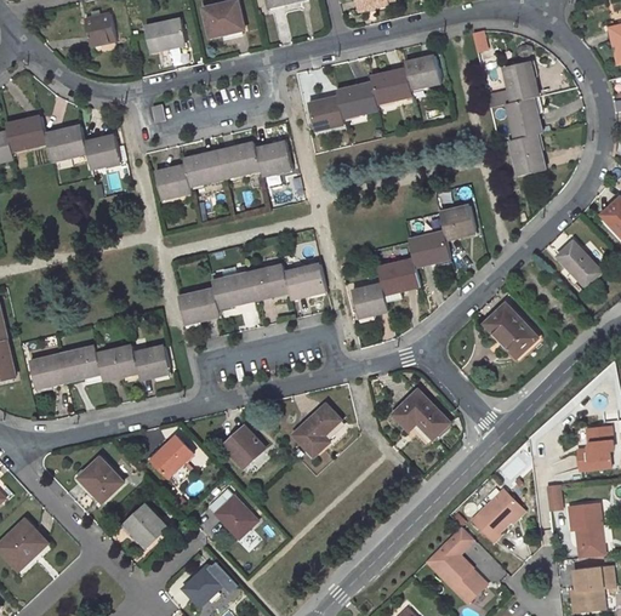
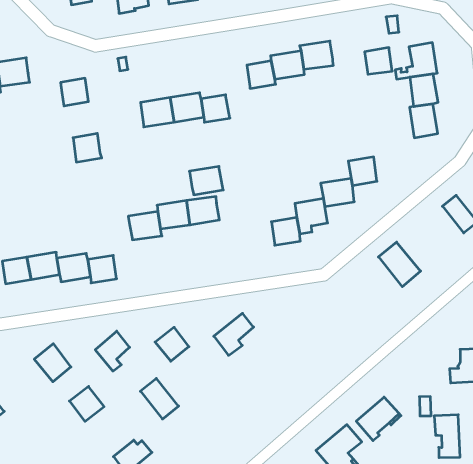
building: [405,55,440,89] -> [365,48,392,74]
building: [45,124,87,161] -> none
building: [155,164,192,200] -> [73,133,102,162]
building: [284,263,326,300] -> [189,166,223,195]
building: [391,389,448,438] -> none

